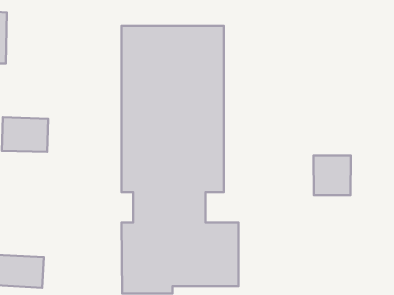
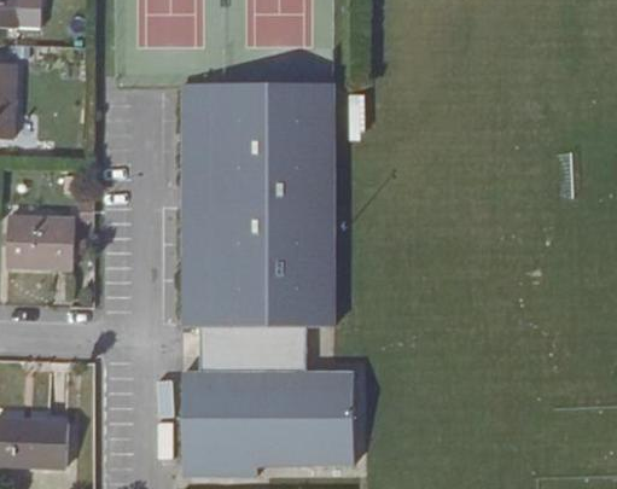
building: [313,155,351,195] -> none

